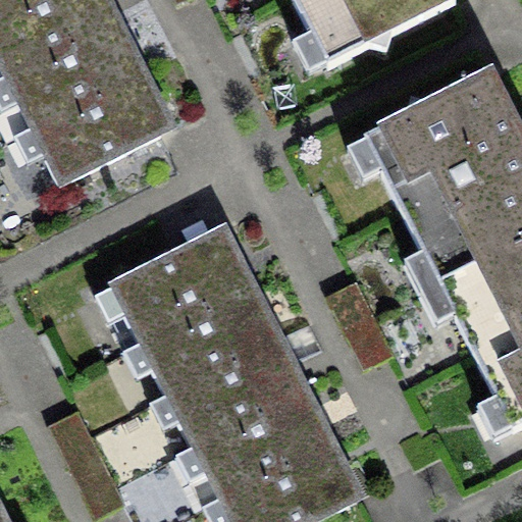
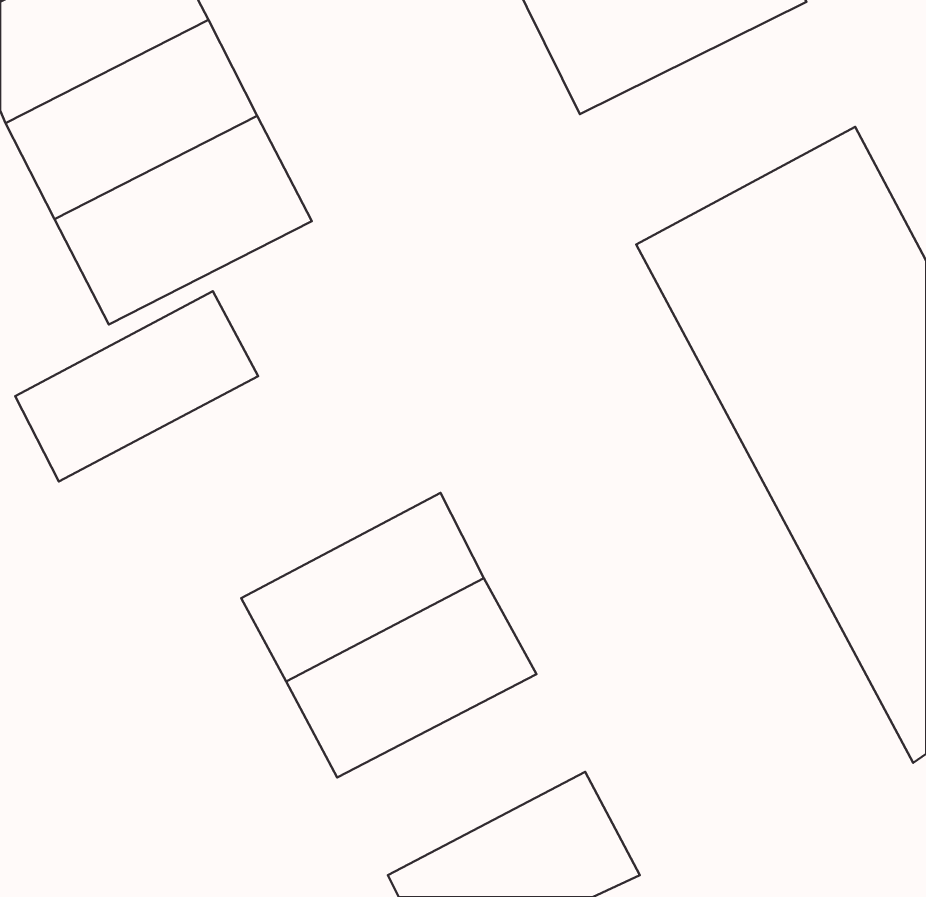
building: [111,229,248,336] -> [15,291,258,481]
building: [190,379,329,492] -> none

